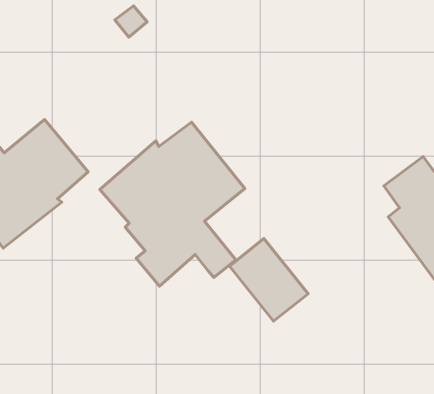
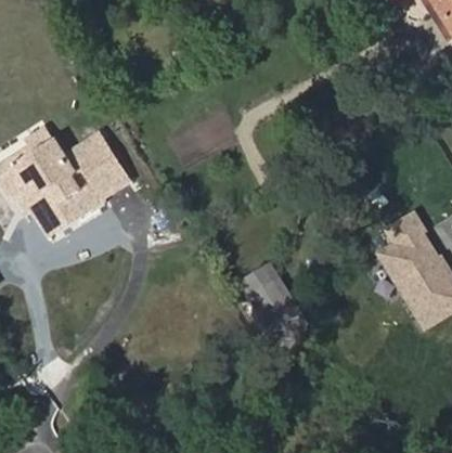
building: [100,122,245,286] -> none

